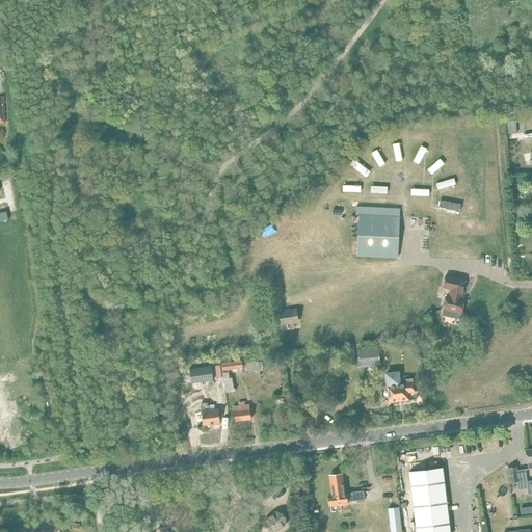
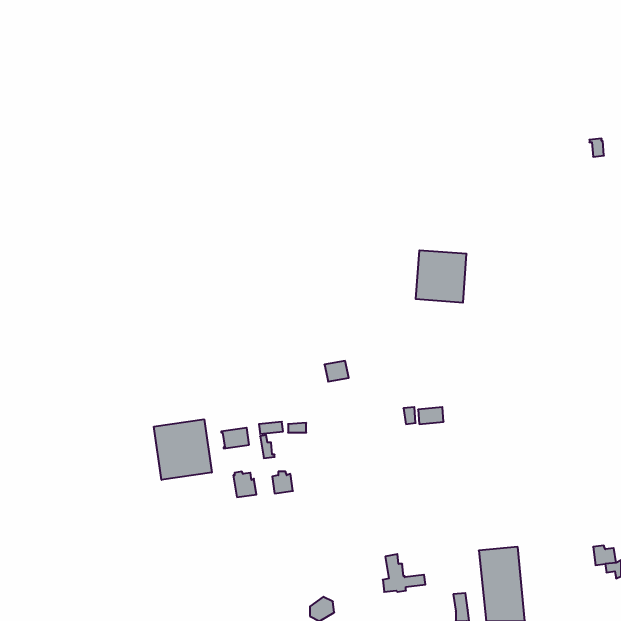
building: [442,275,466,314] -> none
building: none -> [154,419,212,480]
building: [385,373,415,402] -> none

